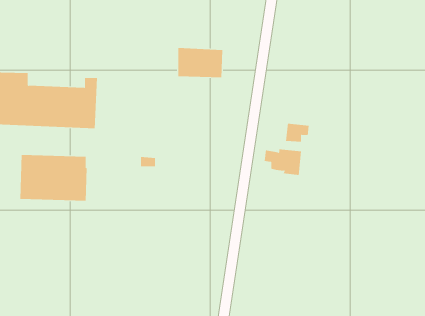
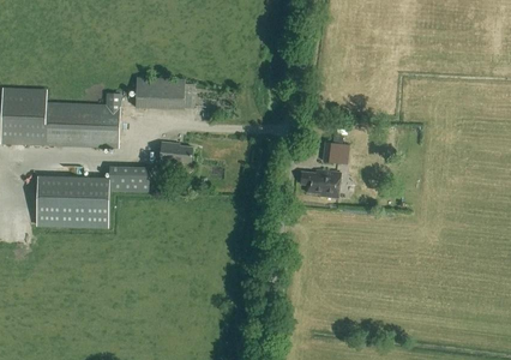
building: [178,48,223,78] -> [136,76,185,108]
building: none -> [160,142,192,163]
building: none -> [108,166,149,191]

